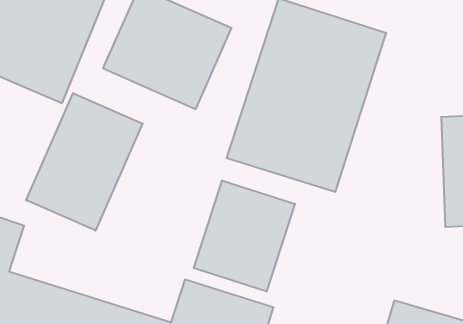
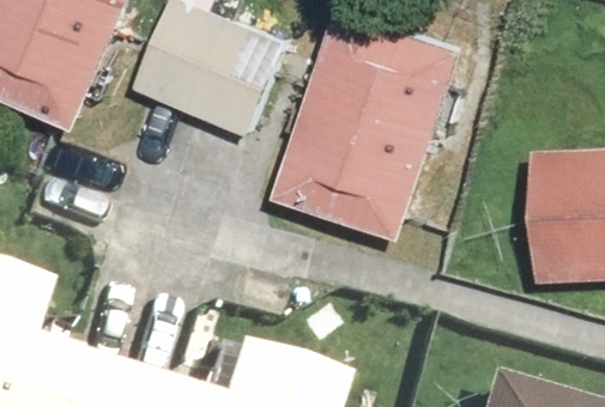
building: [26,93,143,231] -> none
building: [194,180,295,291] -> none

